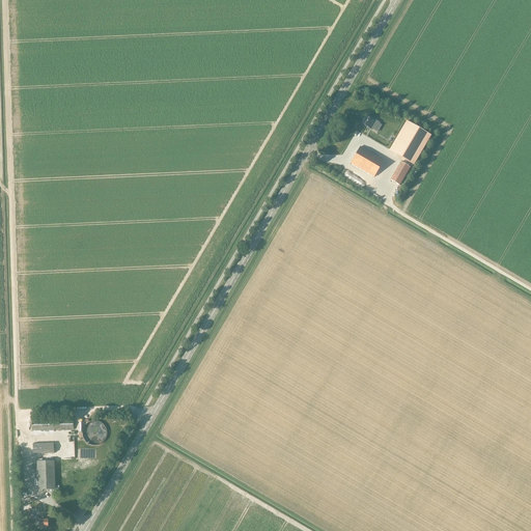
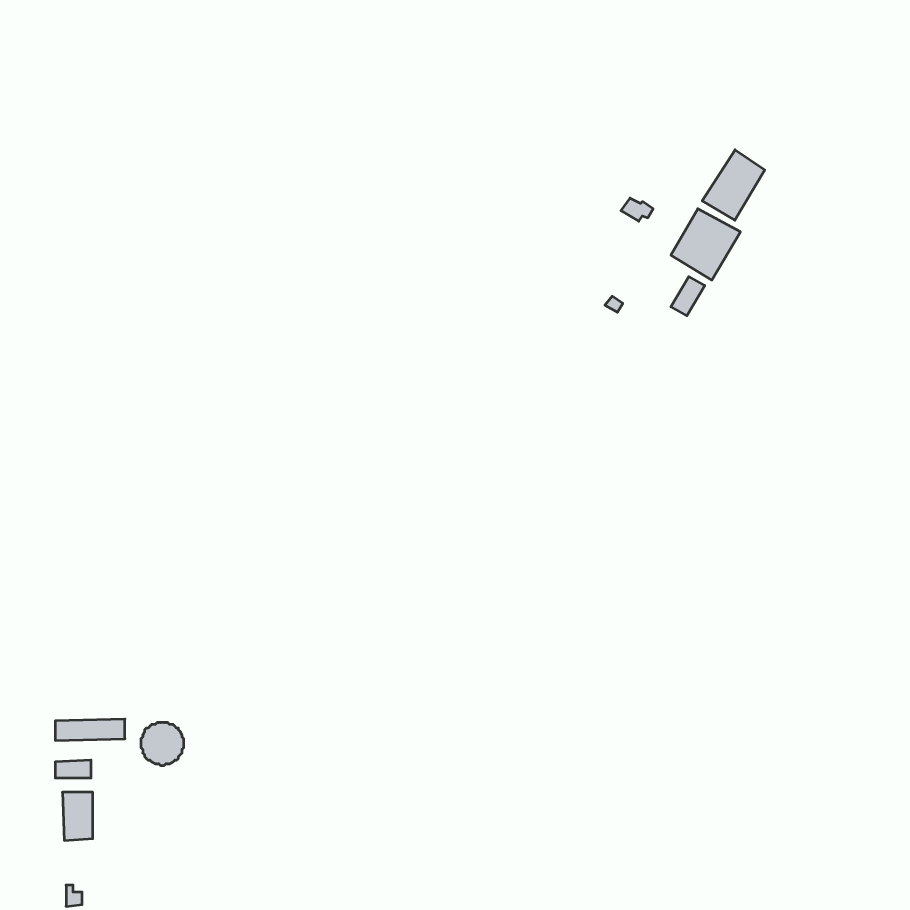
building: none -> [702,150,765,220]
building: [352,145,385,175] -> none

